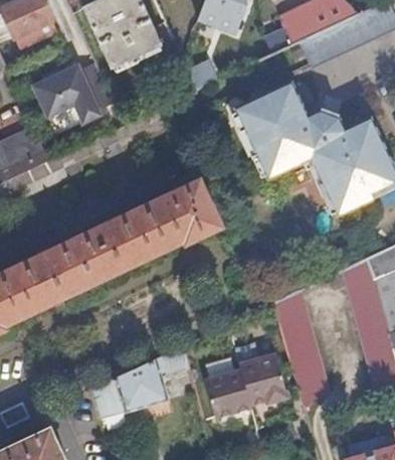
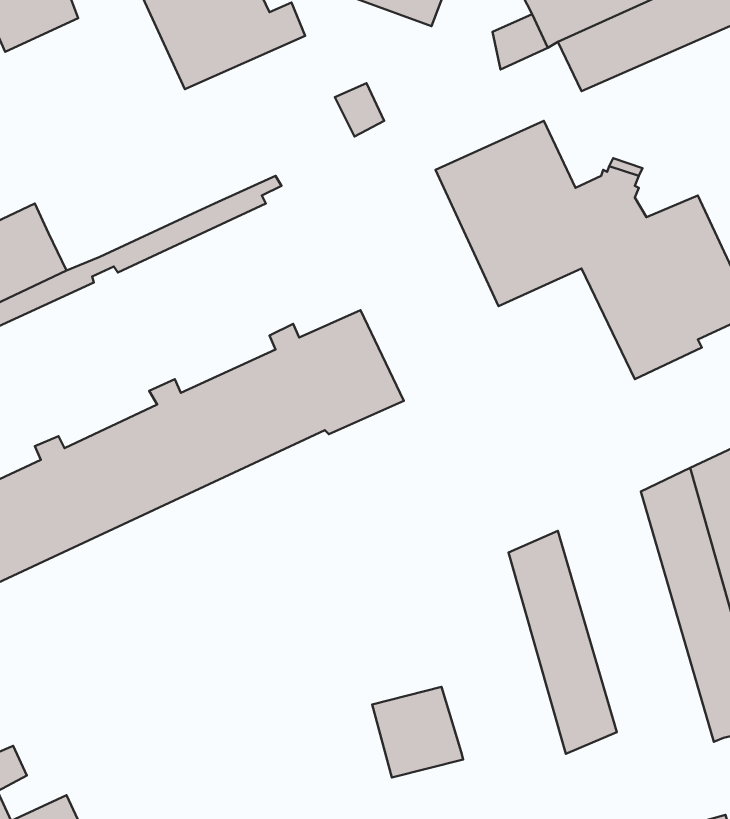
building: [33,61,104,121] -> none
building: [234,344,286,405] -> none
building: [90,358,168,419] -> none

